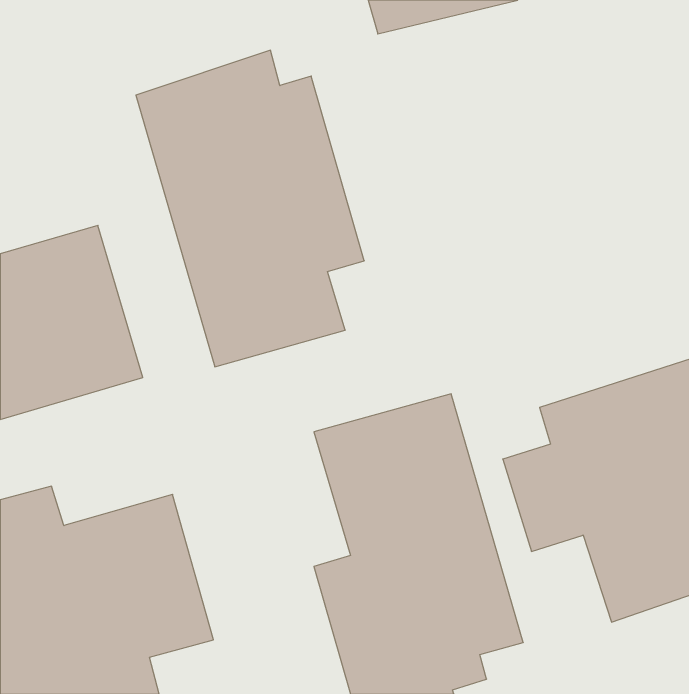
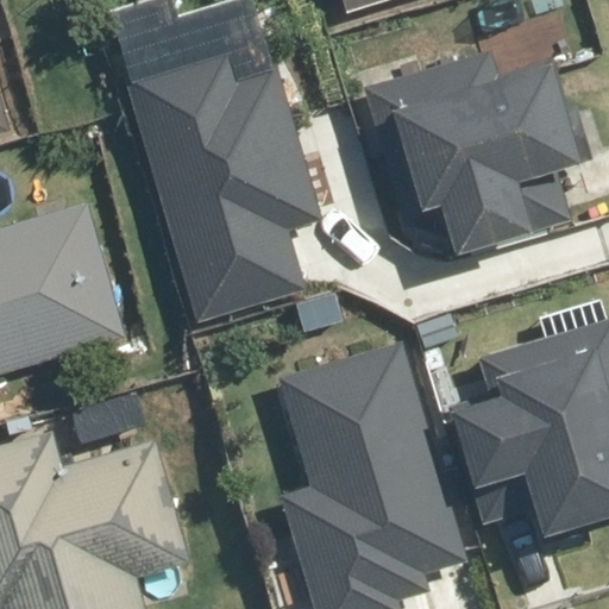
building: none -> [366,50,575,252]

